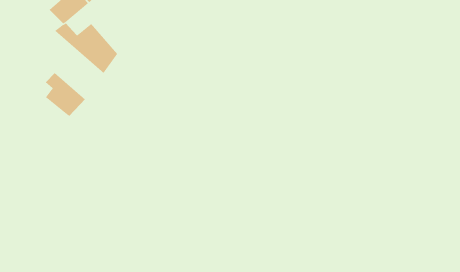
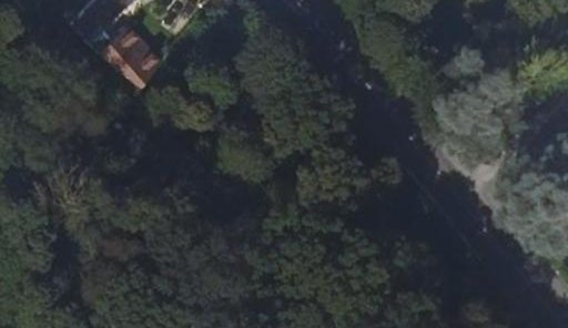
building: [45,72,86,116] -> none

